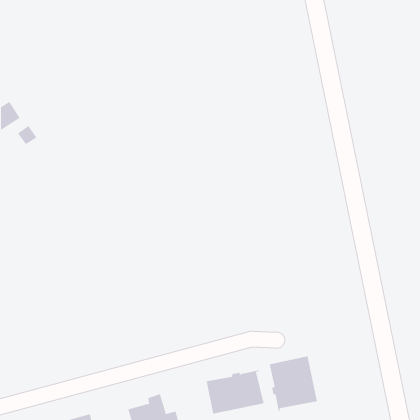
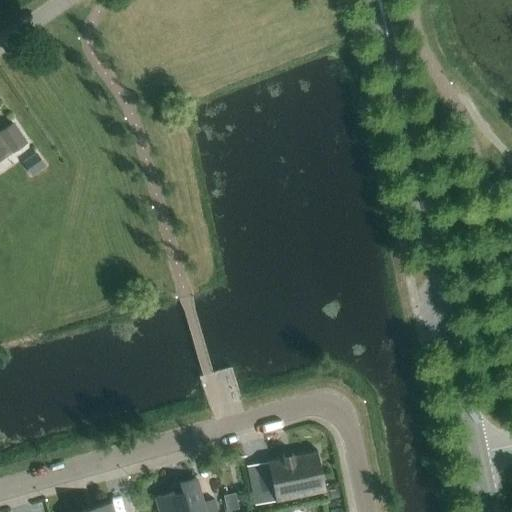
building: [269,355,317,412] -> none

